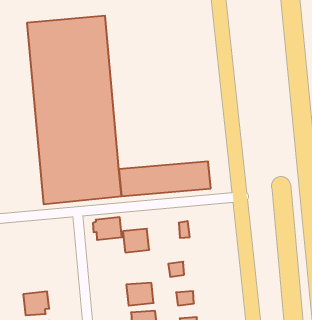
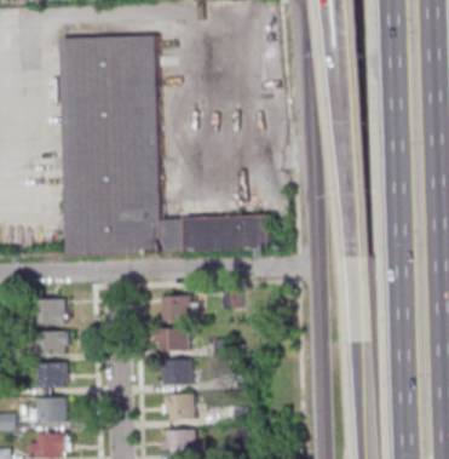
building: [93,217,122,240] -> [155,328,189,354]
building: none -> [34,299,64,327]
building: none -> [34,332,67,357]

